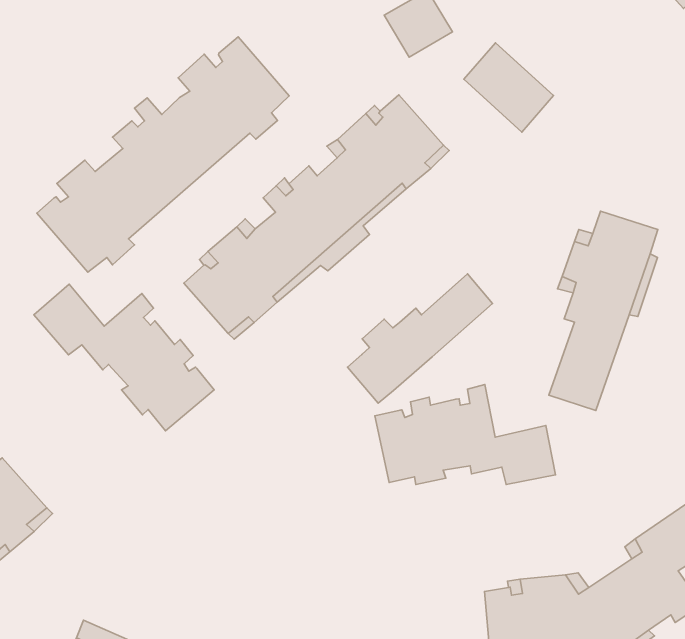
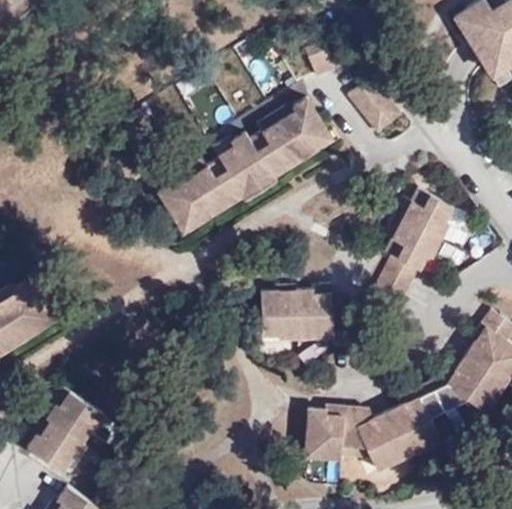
building: [37,37,289,272] -> none
building: [348,274,493,403] -> none
building: [34,284,214,431] -> none

